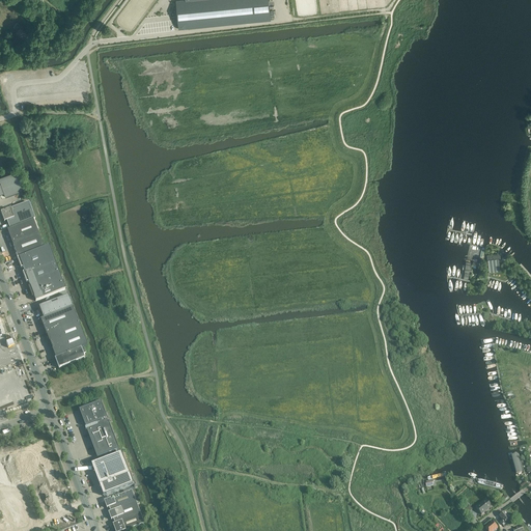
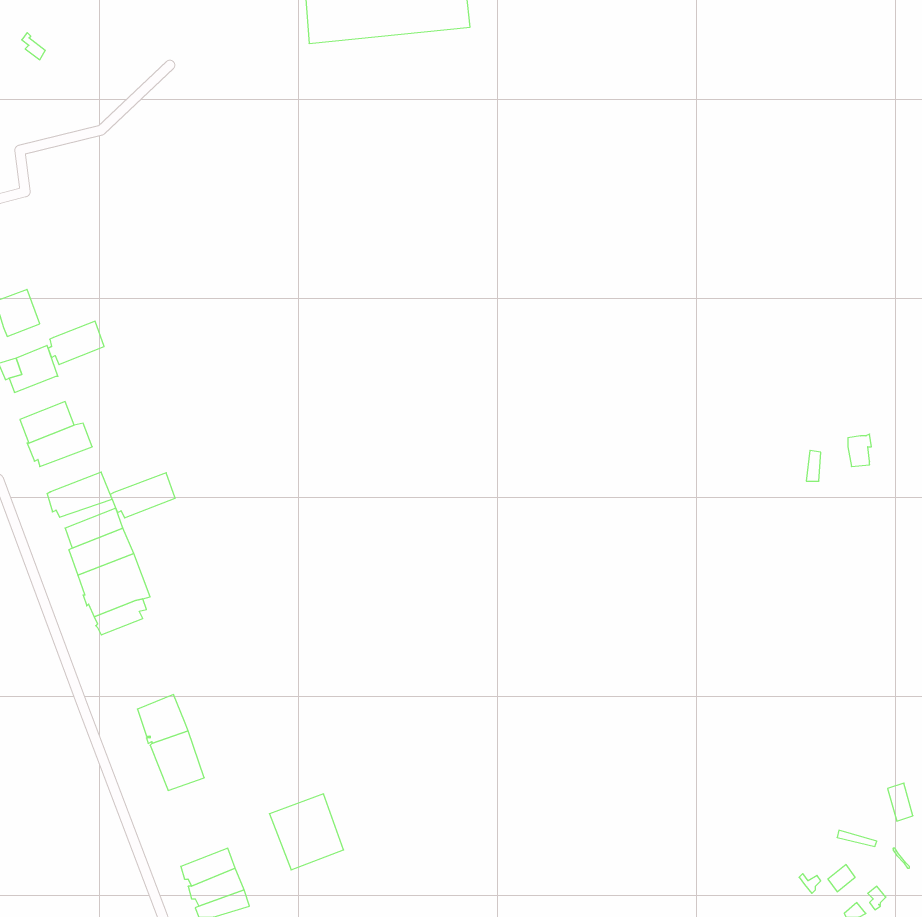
building: [5,216,37,241] -> [48,321,104,365]
building: [21,256,58,282] -> [110,473,175,518]
building: [90,449,133,493] -> [269,794,344,870]

